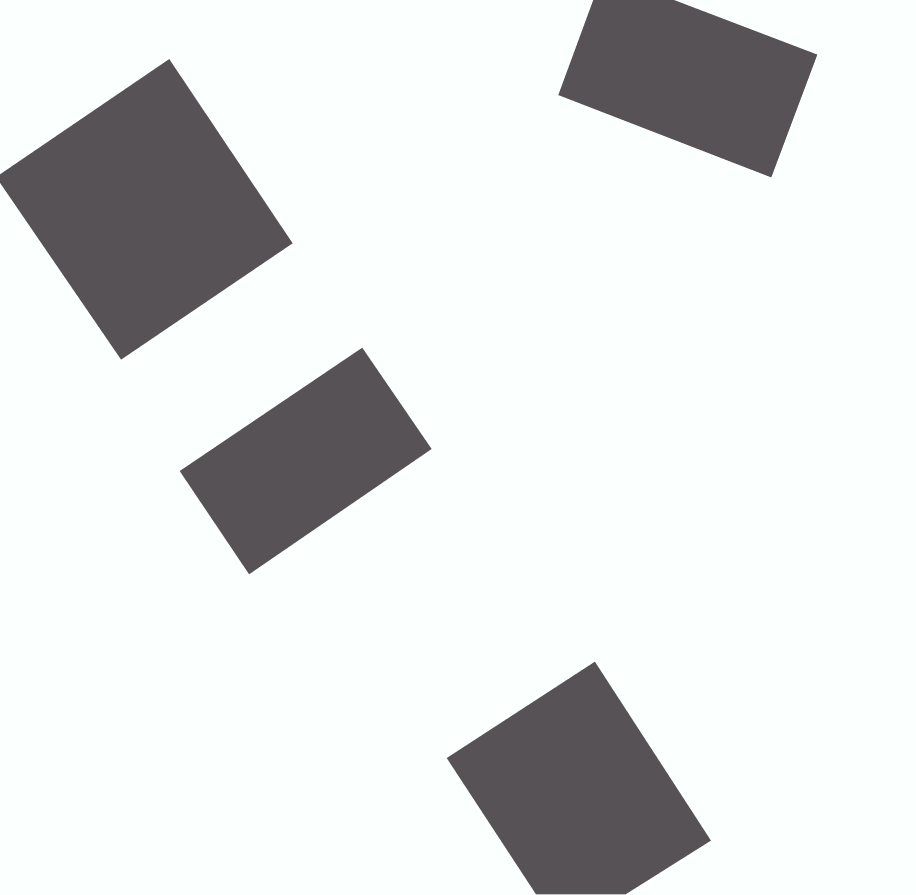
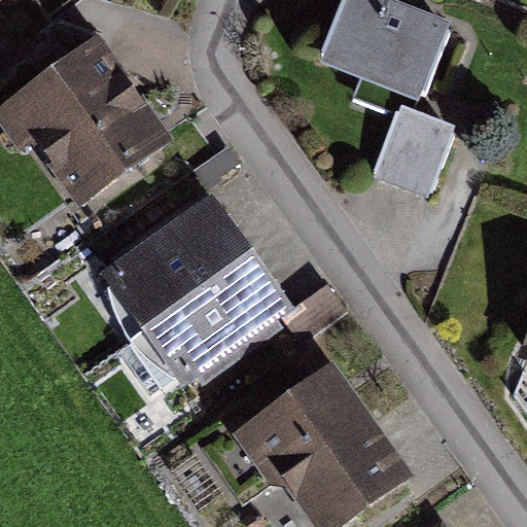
building: none -> [367,113,459,199]
building: none -> [142,256,288,387]

